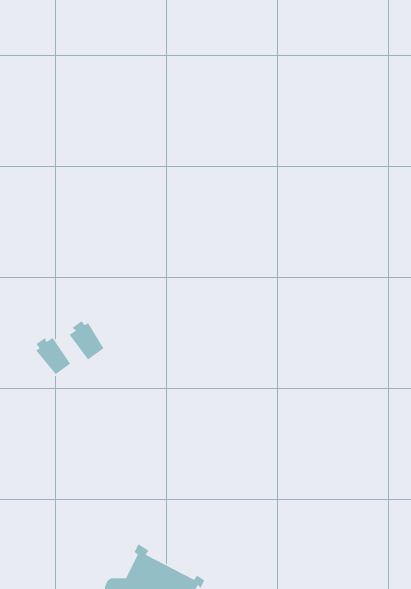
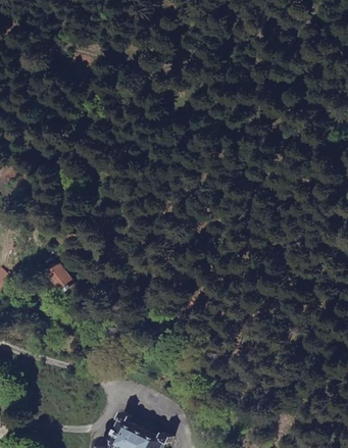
building: [68,320,105,360] -> none

